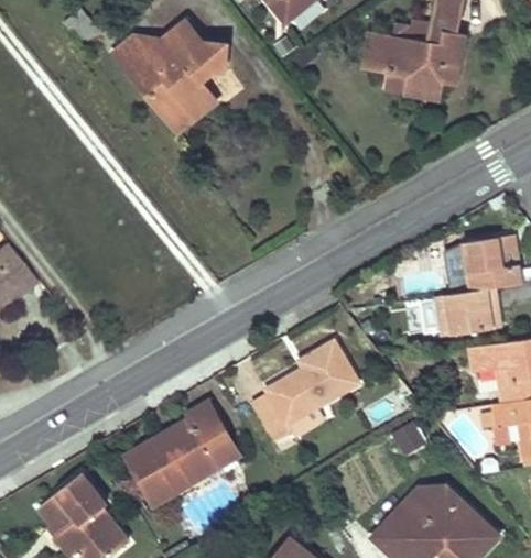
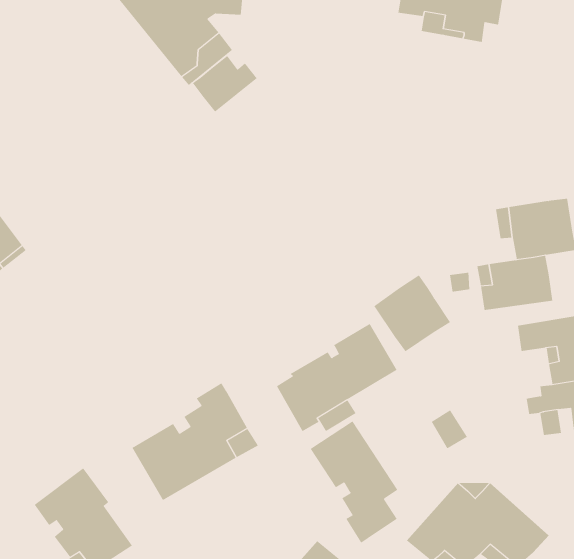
building: none -> [192,55,258,113]
building: none -> [373,274,451,352]
building: none -> [310,420,398,544]

